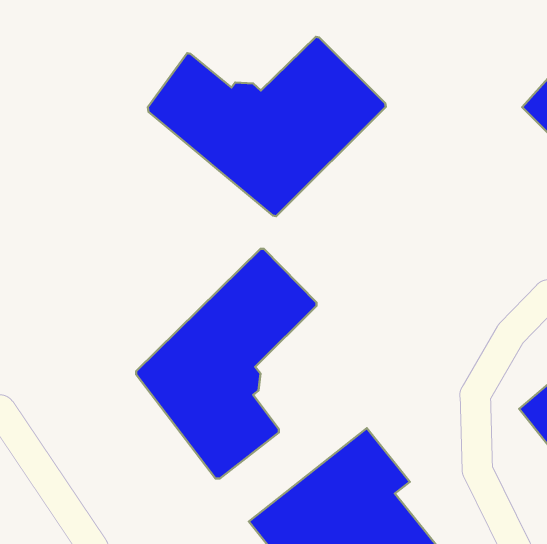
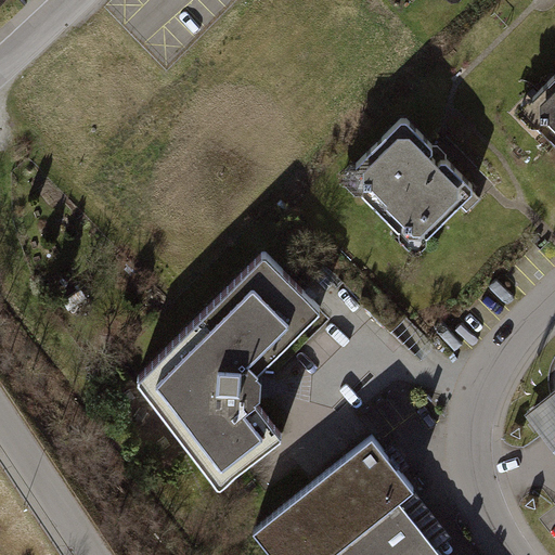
building: [148,37,386,216] -> none
building: none -> [345,129,464,248]

